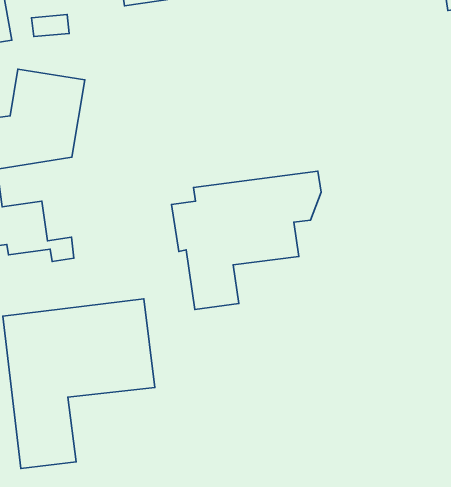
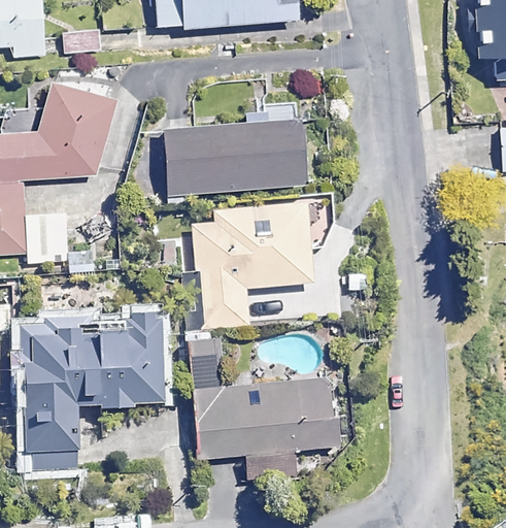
building: none -> [161,118,303,195]
building: none -> [188,339,334,481]

